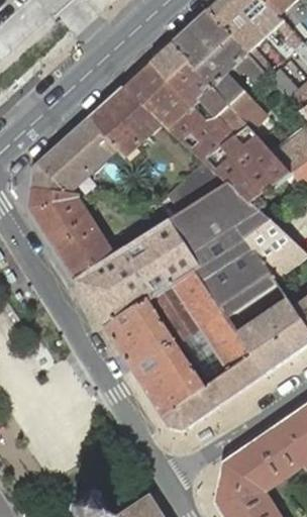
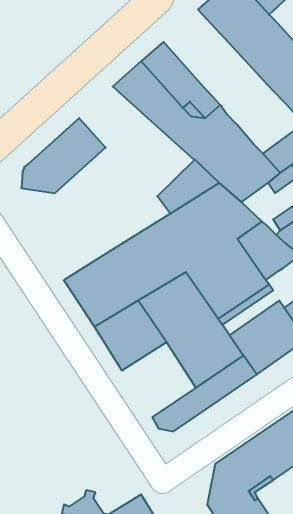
building: [174,10,270,114] -> none
building: [90,87,162,156] -> none
building: [29,188,113,280] -> none
building: [132,341,206,416] -> none

